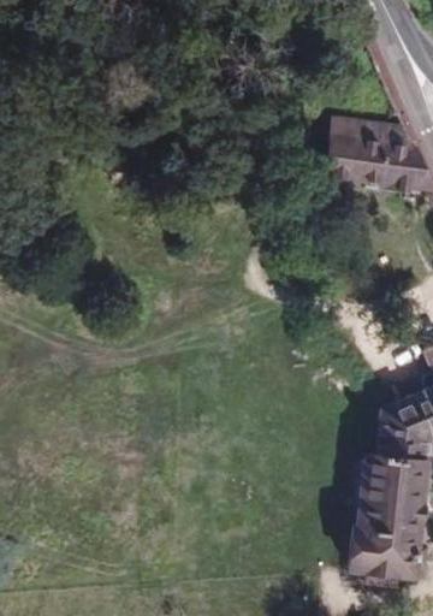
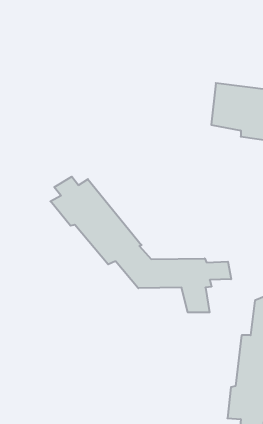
building: none -> [50,177,231,312]

